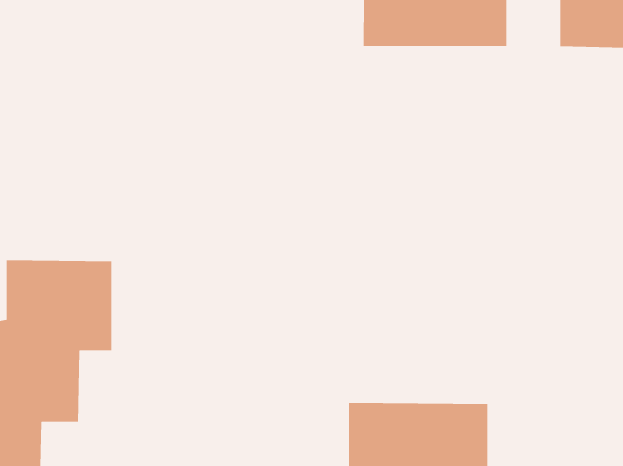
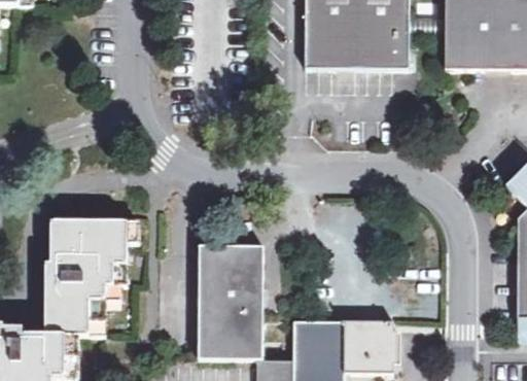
building: none -> [199,243,262,356]

